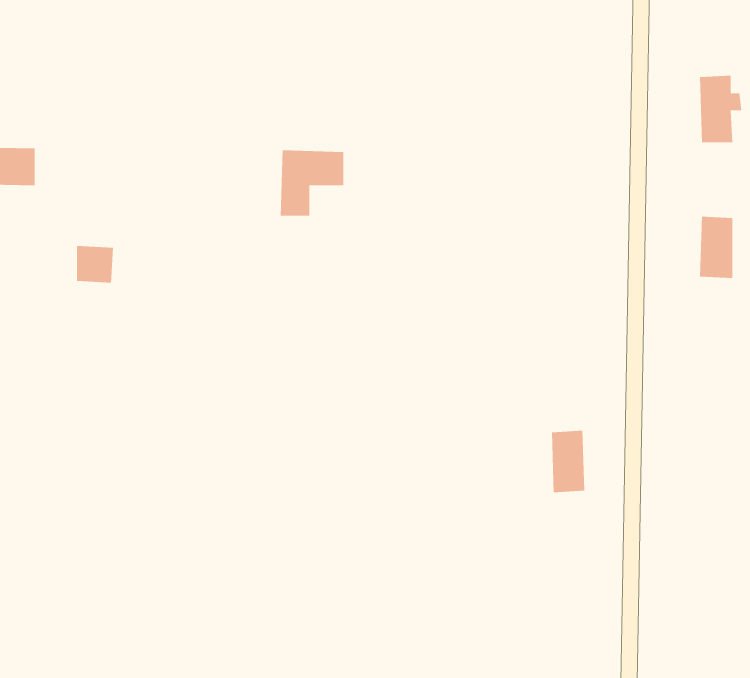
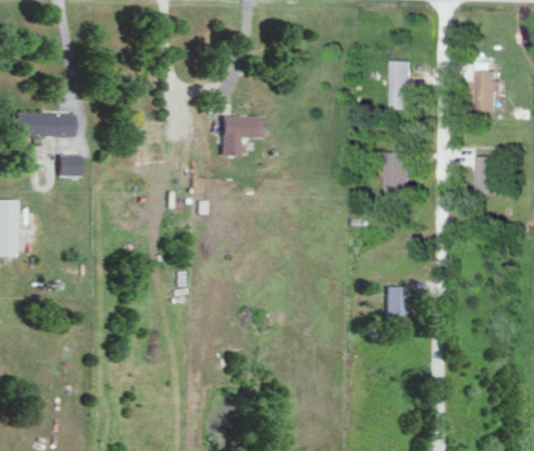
building: none -> [390,60,410,109]
building: none -> [385,152,410,196]
building: [76,246,114,283] -> [57,154,79,177]

